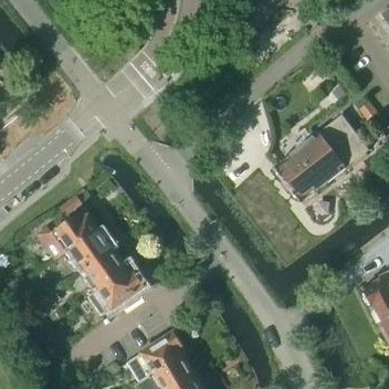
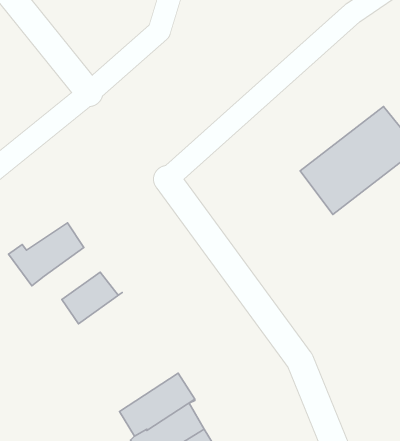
building: [67,228,113,270] -> none
building: [91,264,146,314] -> none

